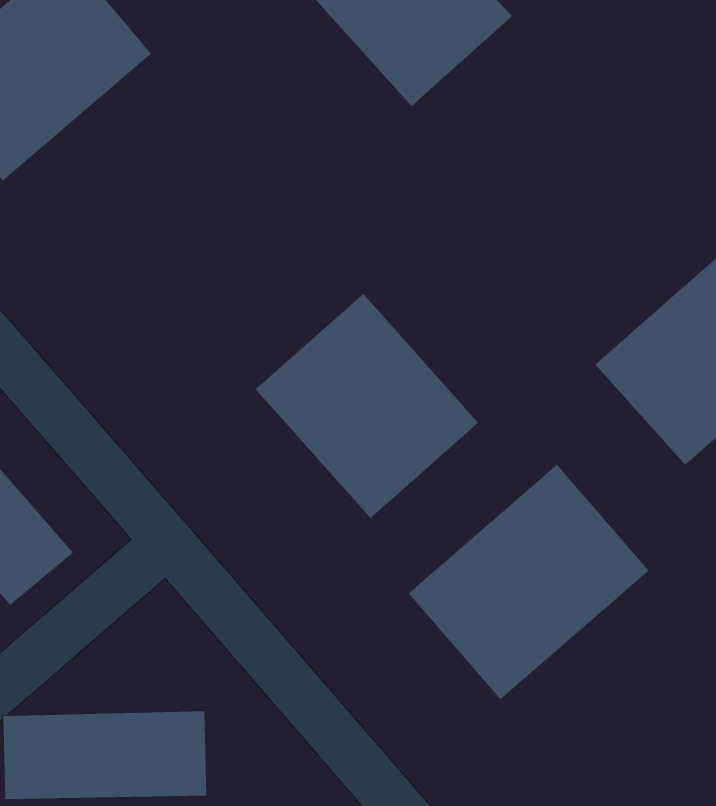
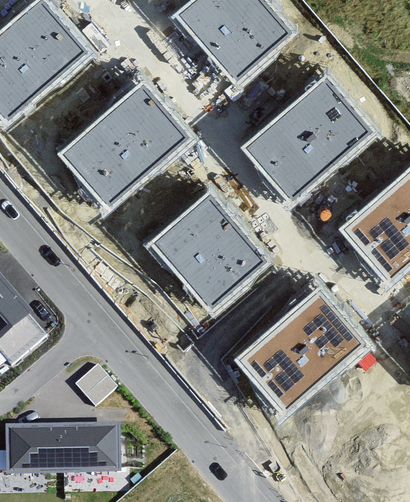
building: none -> [241,75,371,202]
building: none -> [56,79,190,210]
building: none -> [74,363,116,406]

